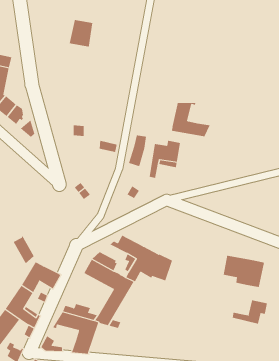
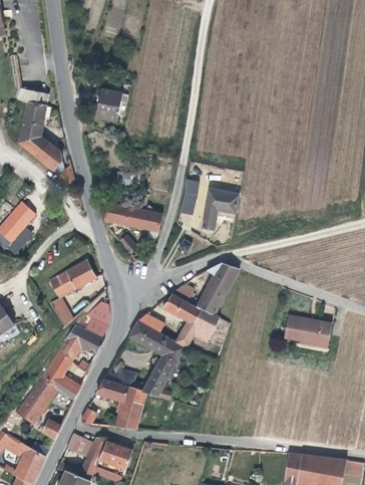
building: [69,19,93,47] -> [91,89,118,120]
building: [172,102,211,137] -> none
building: none -> [104,203,162,243]
building: none -> [49,259,96,297]
building: none -> [197,264,239,316]
building: none -> [84,300,109,338]
building: [232,300,268,324] -> none

